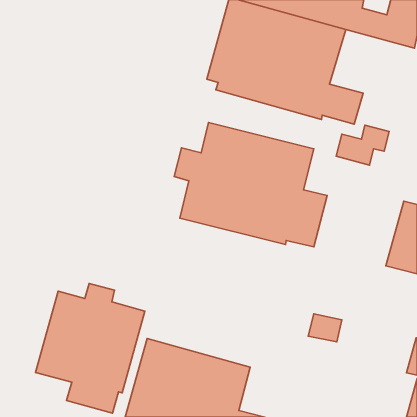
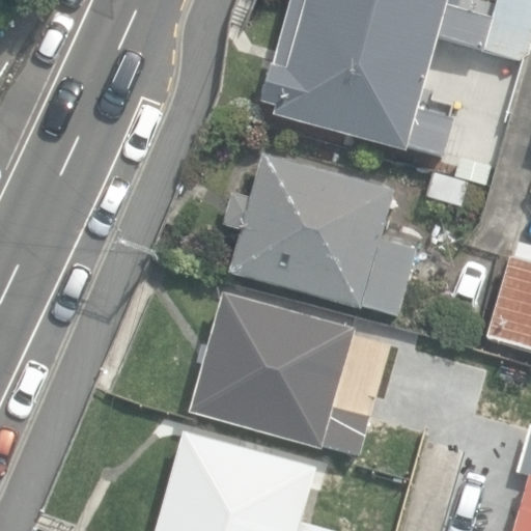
building: none -> [191,292,370,454]
building: [35,283,145,413] -> none

